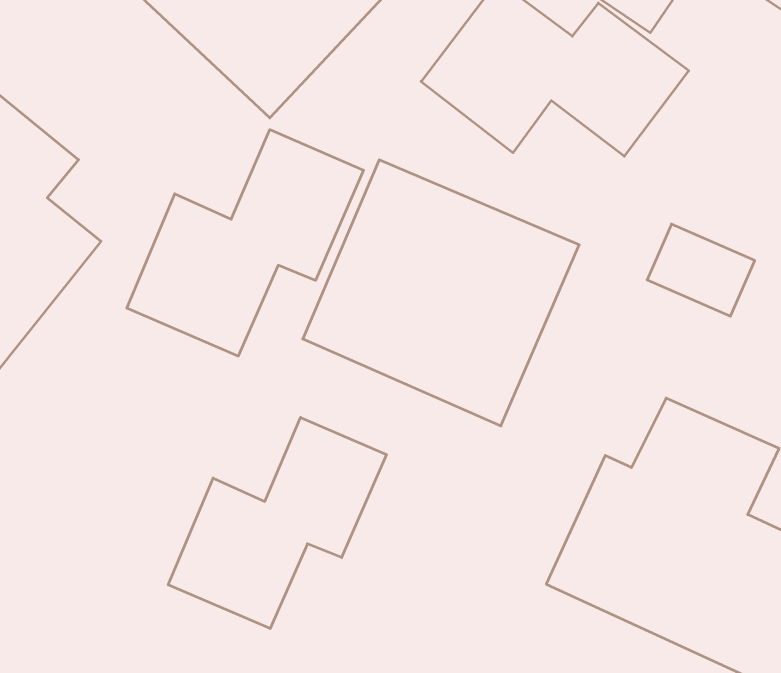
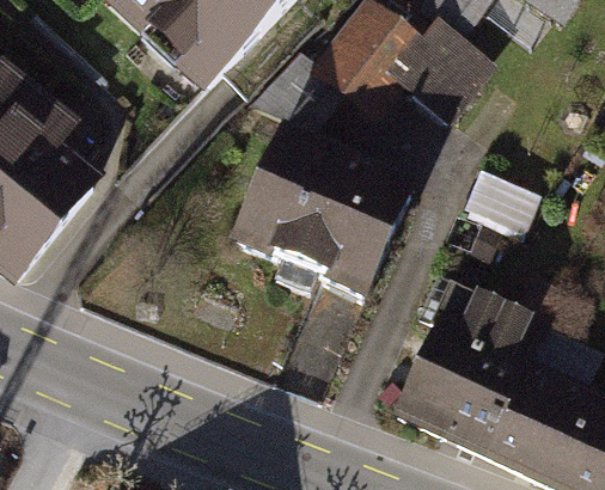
building: [127,130,364,356] -> none
building: [168,417,386,629] -> none

